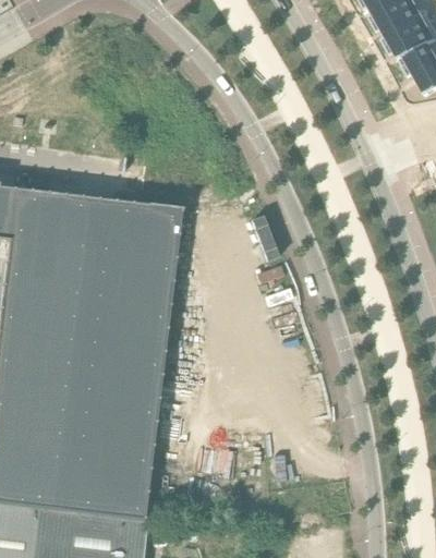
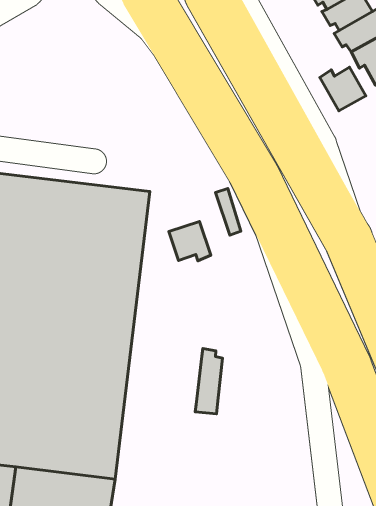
building: none -> [320,67,366,111]
building: none -> [169,222,211,261]
building: none -> [195,349,223,414]

